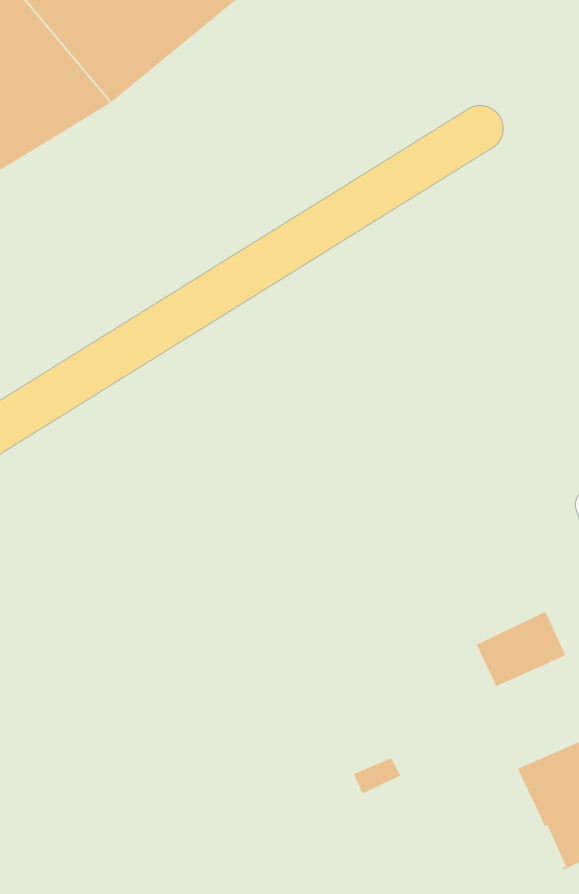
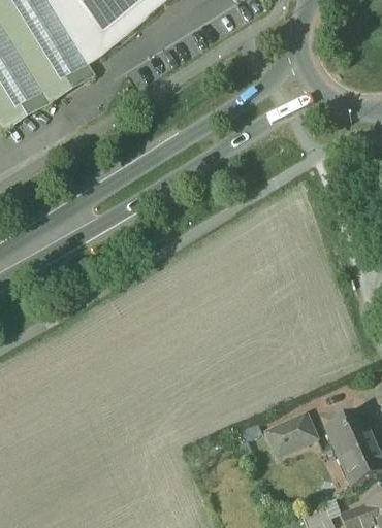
building: [476,611,566,687] -> [266,415,317,457]

